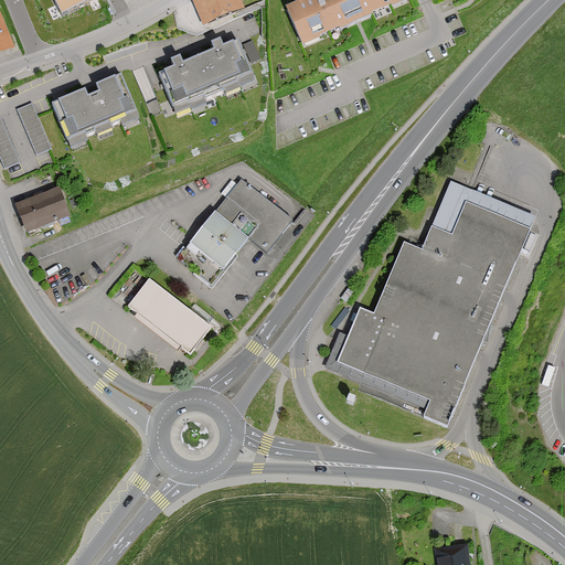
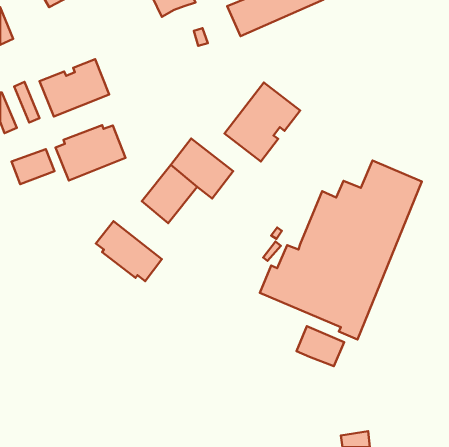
building: [158,39,252,109] -> none
building: none -> [225,82,300,162]
building: none -> [55,125,125,180]
building: [431,179,536,235] -> none
building: none -> [296,326,344,366]

